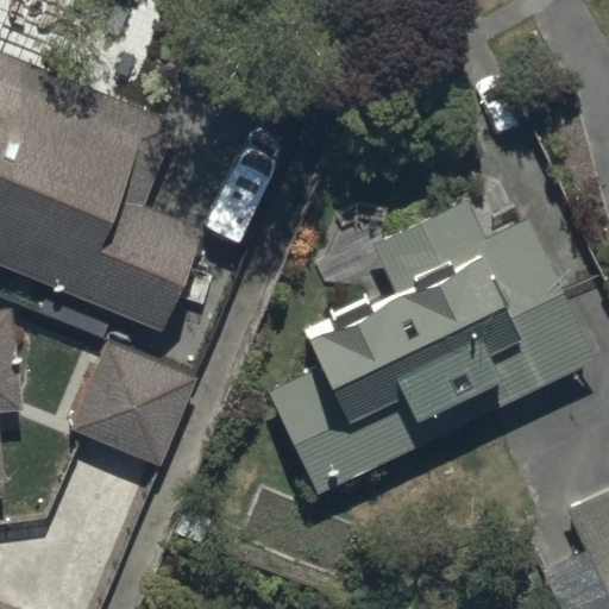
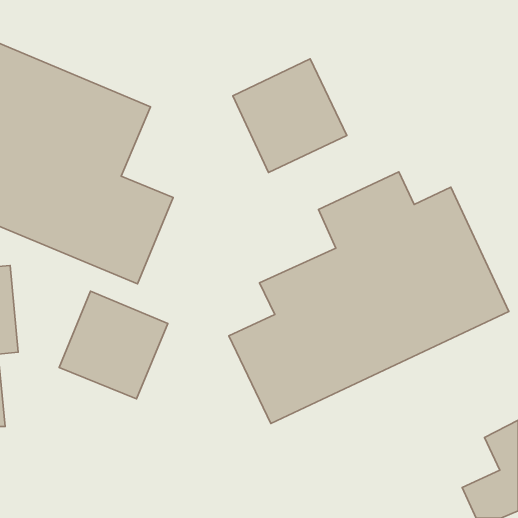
building: none -> [233,59,347,172]

